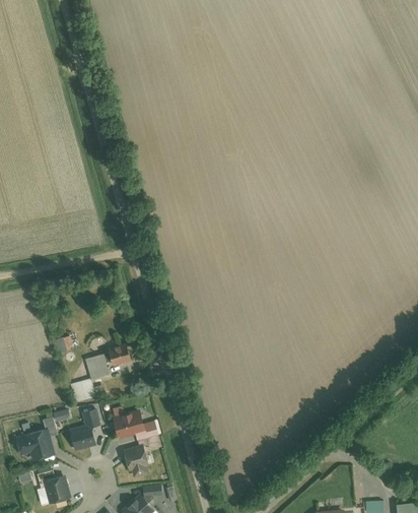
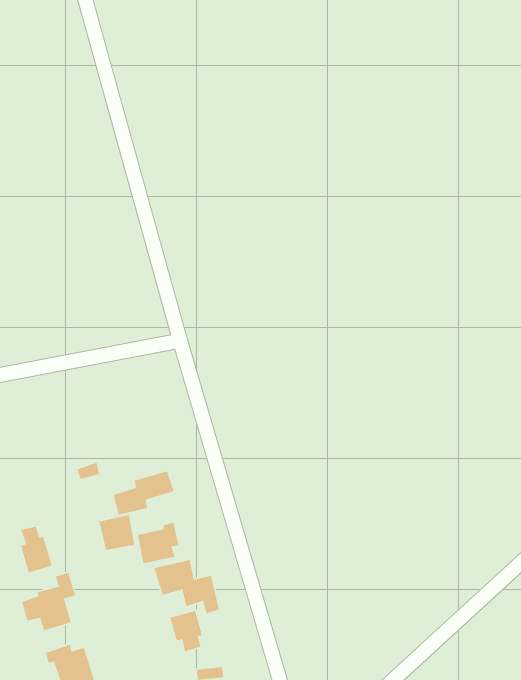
building: none -> [20,526,53,574]
building: [70,422,100,452] -> [137,522,180,564]

